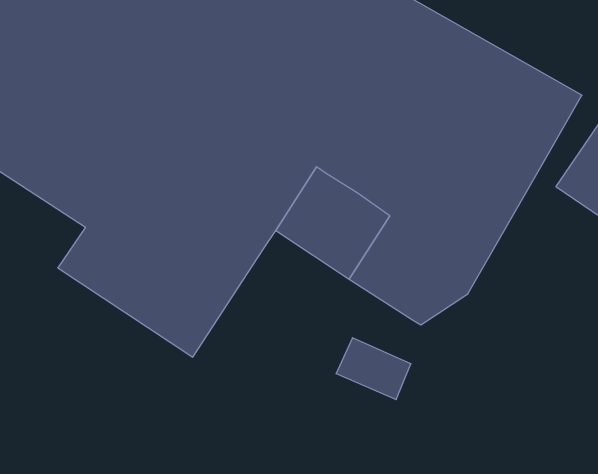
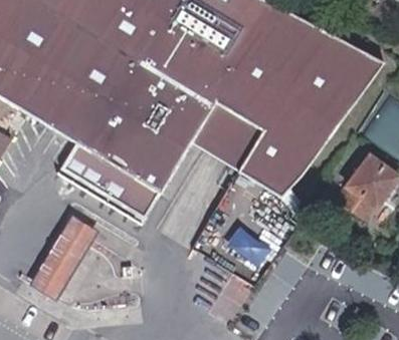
building: none -> [339,154,385,206]
building: none -> [38,225,92,292]

